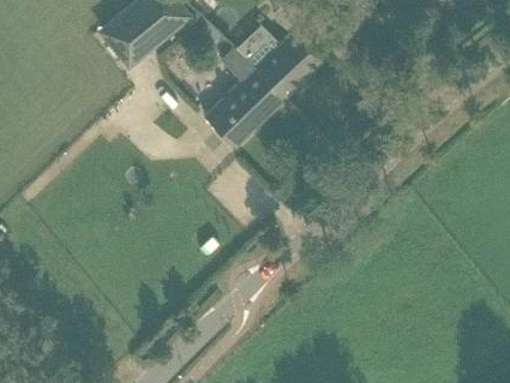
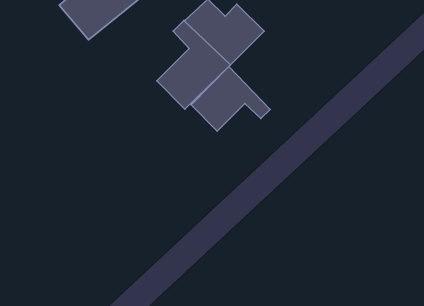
building: none -> [191,66,270,131]

